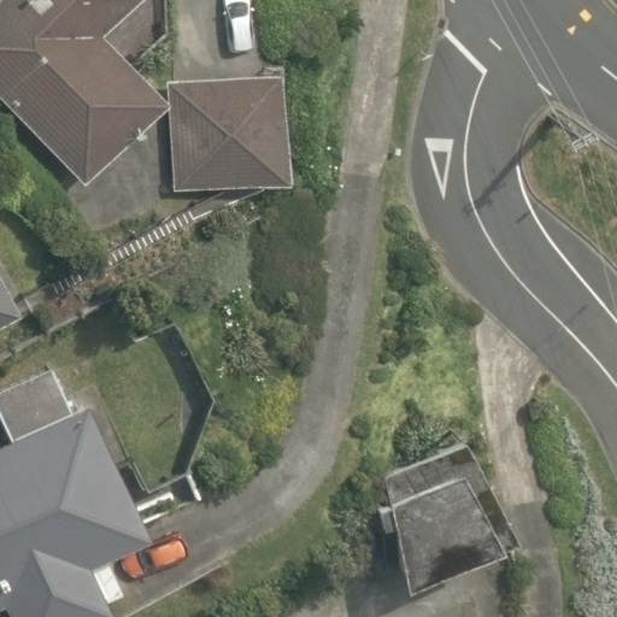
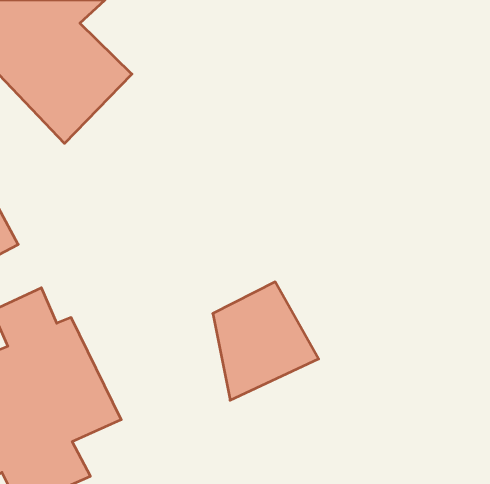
building: [164,75,292,198] -> none
building: [384,442,517,590] -> [213,282,319,400]

